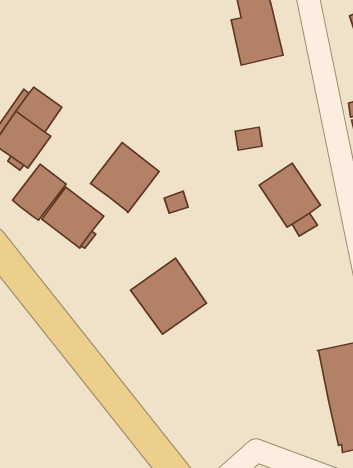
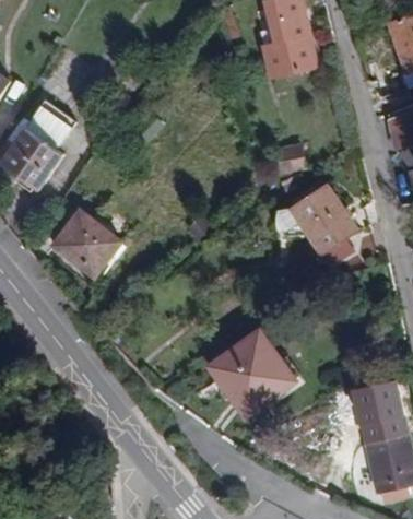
building: [91,142,159,213] -> none
building: [13,164,66,220] -> none
building: [130,258,207,334] -> [211,331,294,414]

